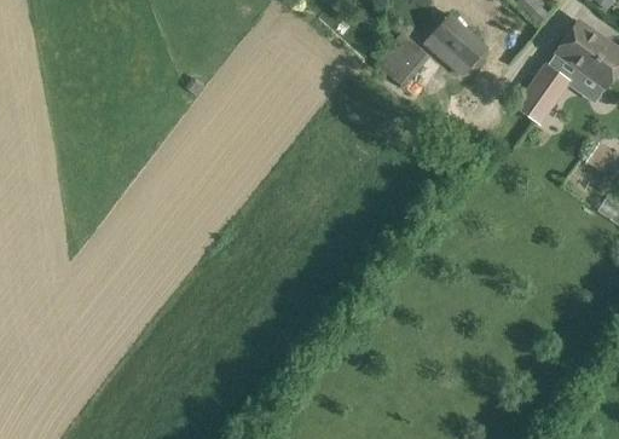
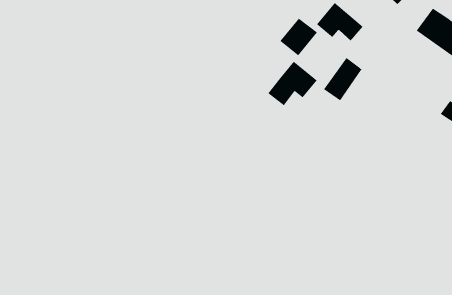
building: [517,65,569,123] -> [323,57,363,101]
building: none -> [268,61,317,106]

